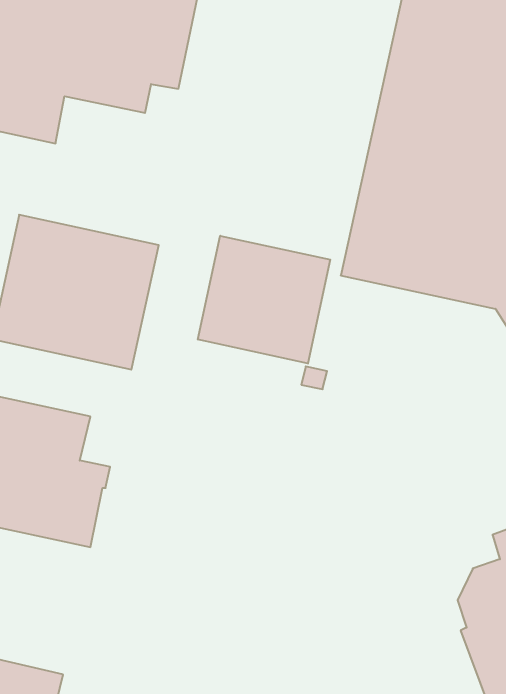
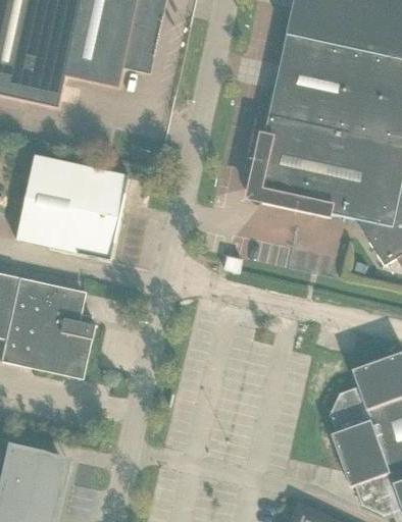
building: [198,236,330,364] -> none

